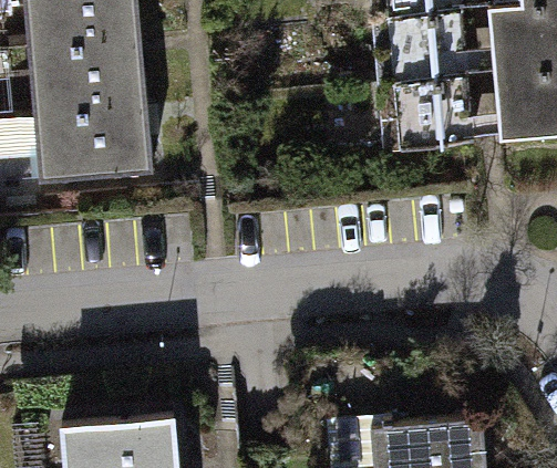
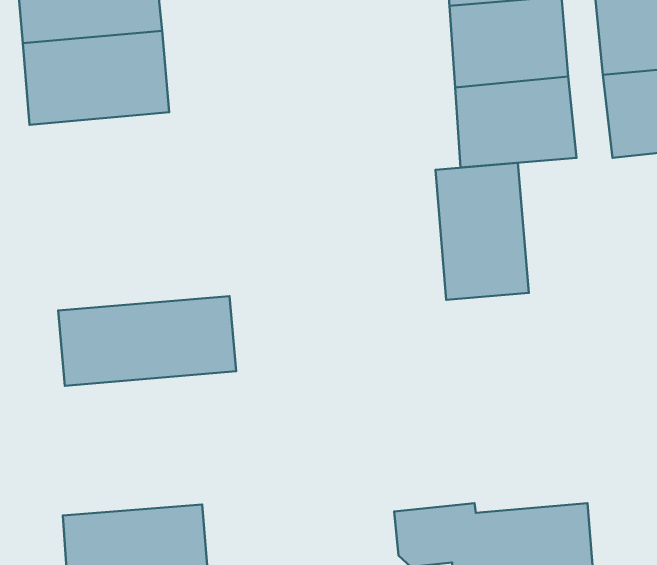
building: [35,104,152,179] -> none
building: none -> [435,163,529,300]
building: none -> [58,296,236,386]

